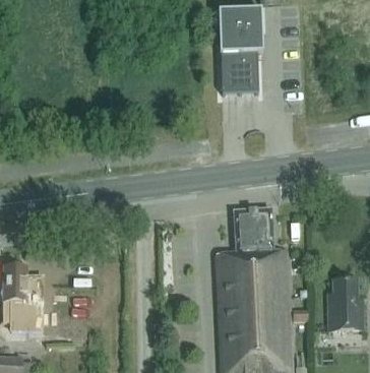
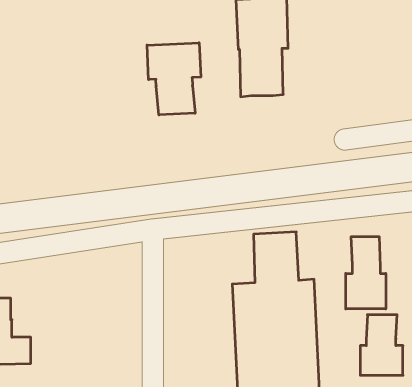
building: none -> [147,43,201,115]
building: none -> [346,237,386,309]

